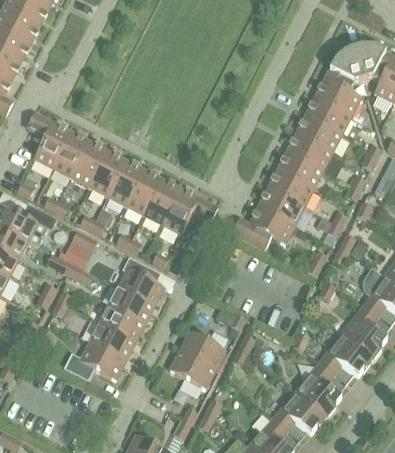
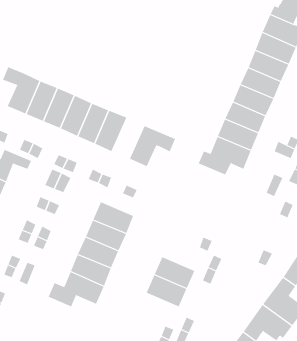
building: [143,179,180,224] -> none

